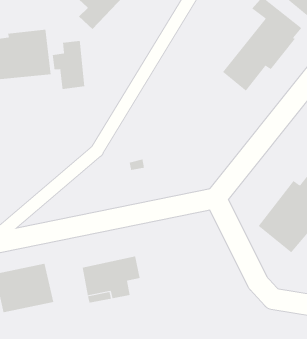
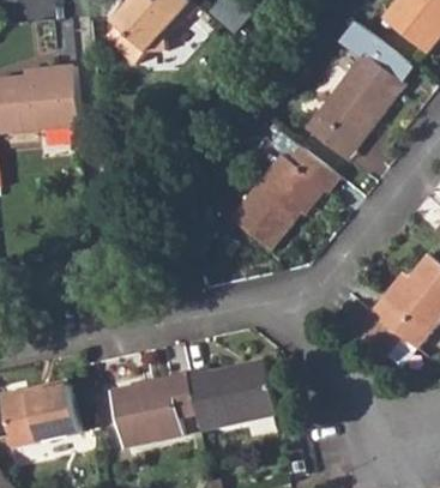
building: [52,40,85,90] -> none
building: none -> [234,144,343,248]
building: none -> [209,362,279,426]

